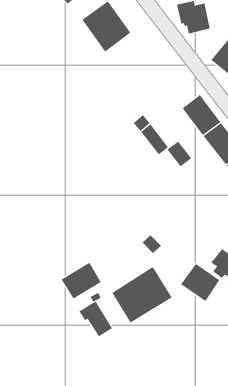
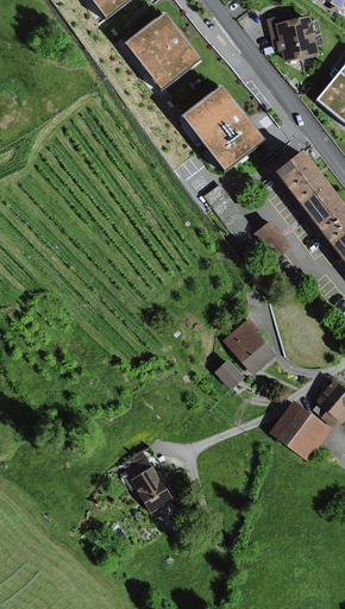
building: none -> [181,84,264,171]
building: none -> [224,318,277,375]
building: [61,262,102,299] -> none
building: [111,266,172,323] -> none

